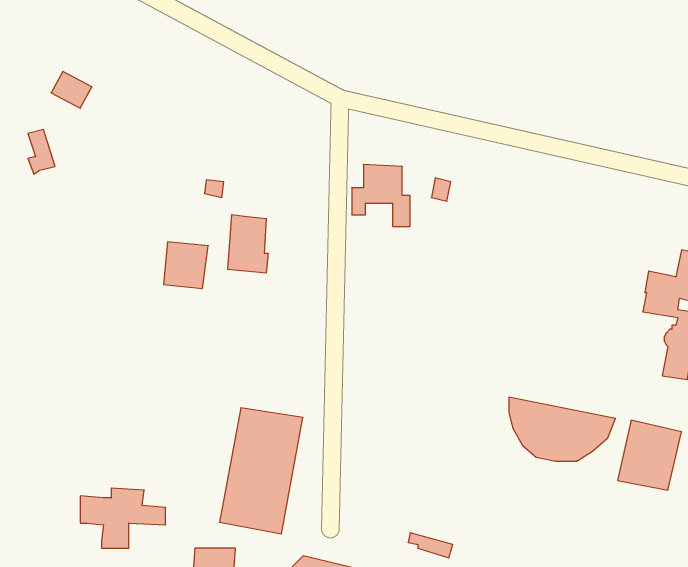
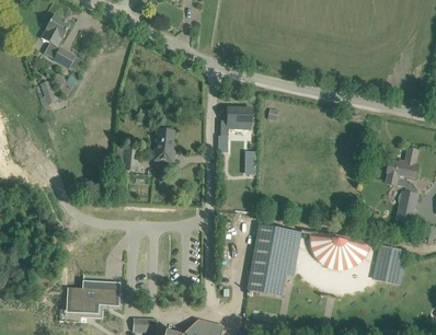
building: none -> [41,14,70,46]
building: [219,408,303,534] -> [248,224,295,296]

